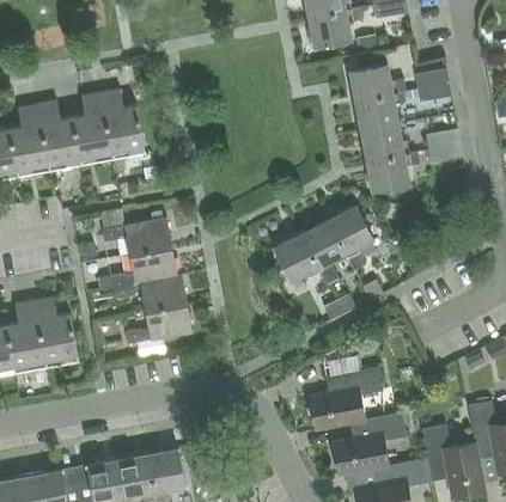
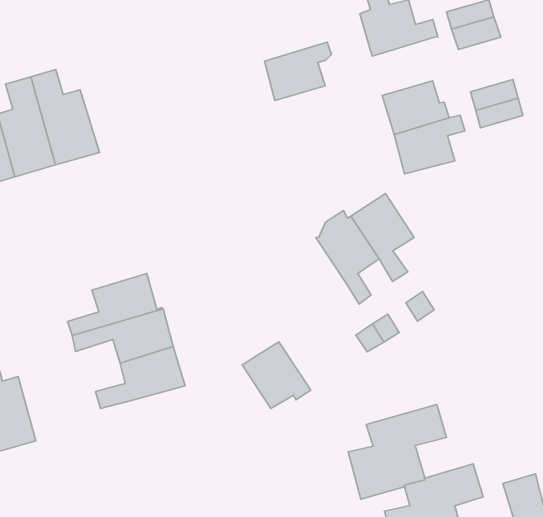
building: [355,92,406,131] -> [265,42,332,101]
building: [100,216,172,255] -> none
building: [272,232,321,281] -> [242,342,311,409]

